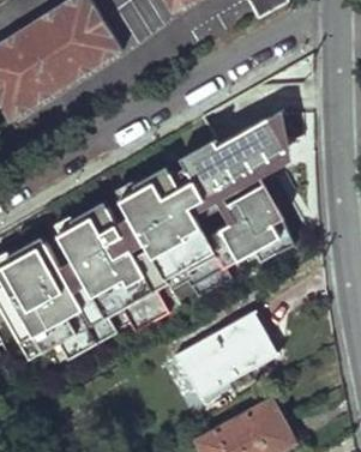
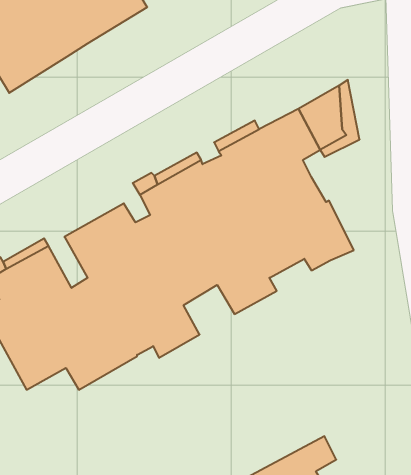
building: [170,313,275,400] -> none

